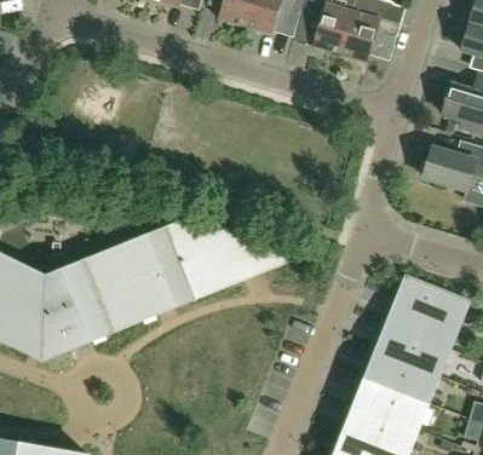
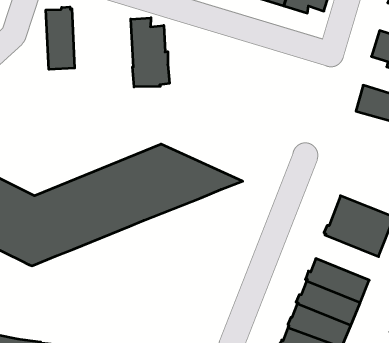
building: none -> [46,7,75,69]
building: none -> [131,18,169,87]
building: [375,322,450,375] -> none

